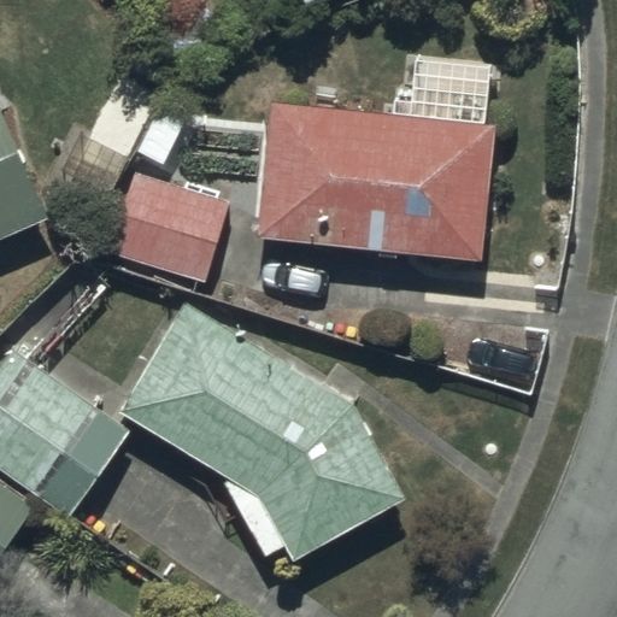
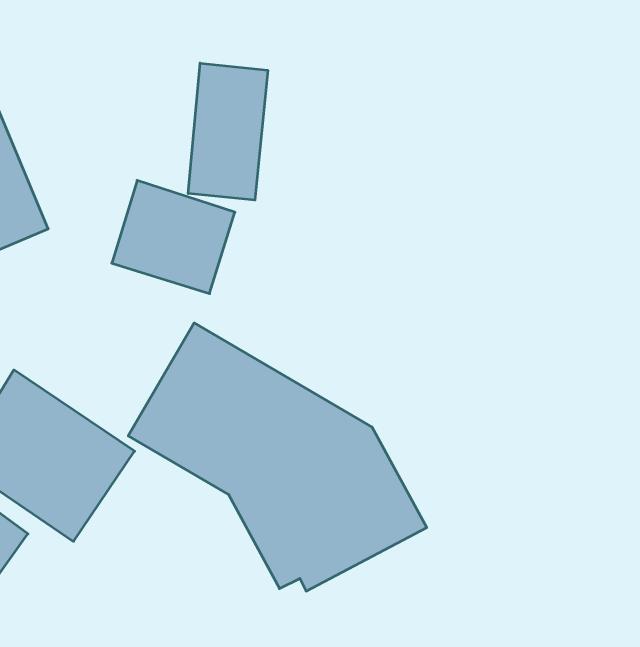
building: none -> [188,63,268,200]
building: [258,105,493,258] -> none

